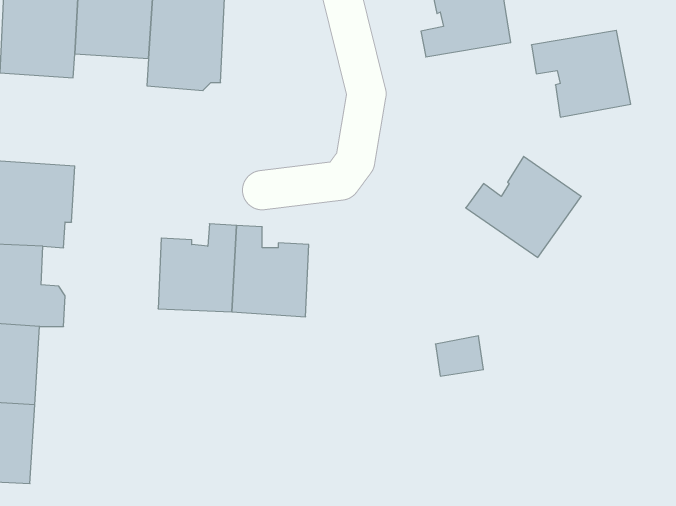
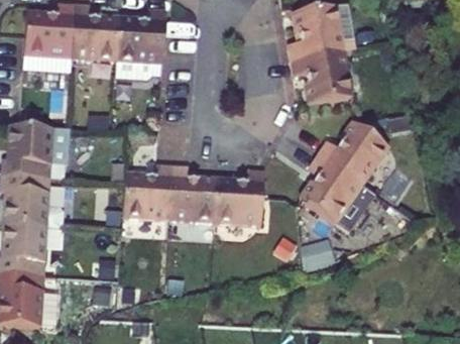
building: [531,30,631,117] -> [292,51,354,106]
building: none -> [301,155,362,224]
building: none -> [216,171,265,227]

